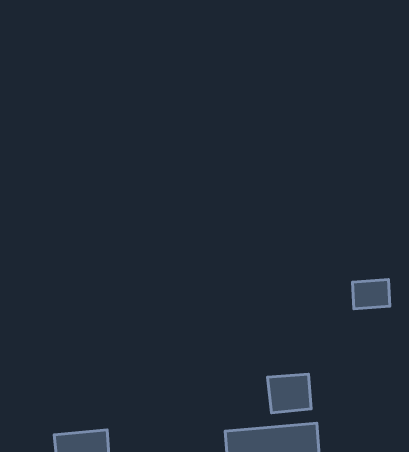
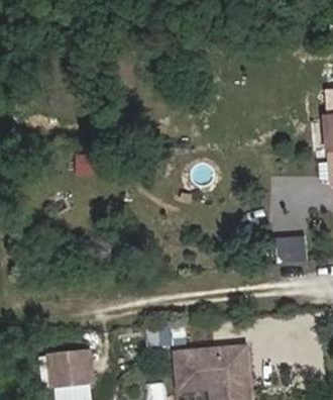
building: [268,374,311,413] -> none

